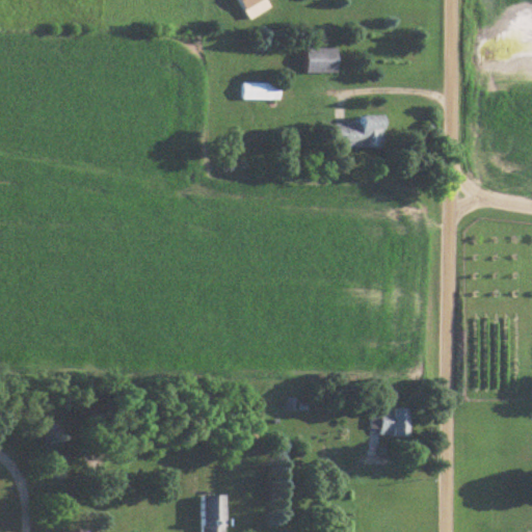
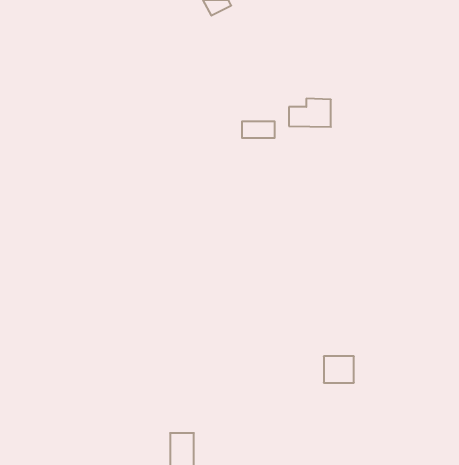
building: [307,48,339,73] -> none
building: [244,81,282,100] -> [242,121,275,138]

